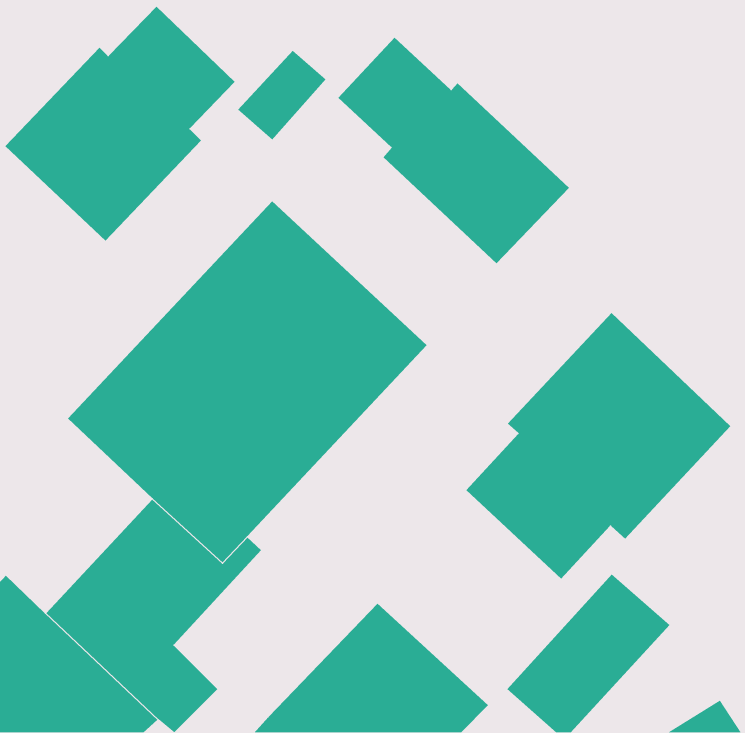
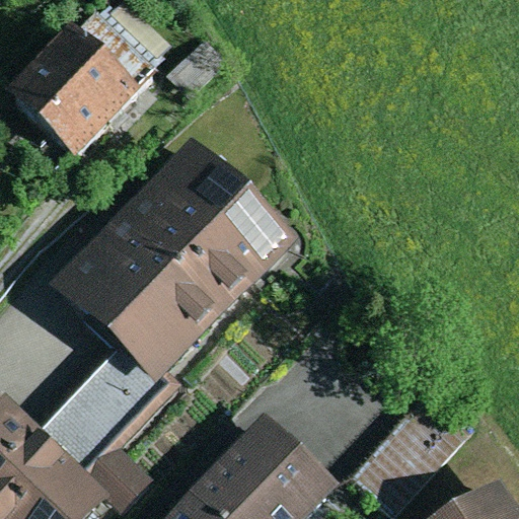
building: [338,37,570,264] -> none
building: [466,312,731,579] -> none

